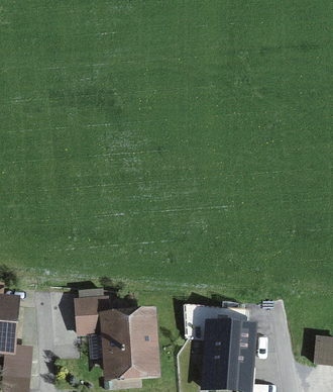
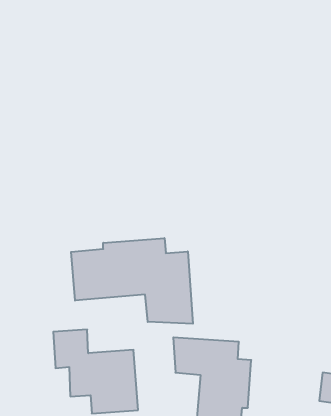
building: none -> [71,238,193,324]

